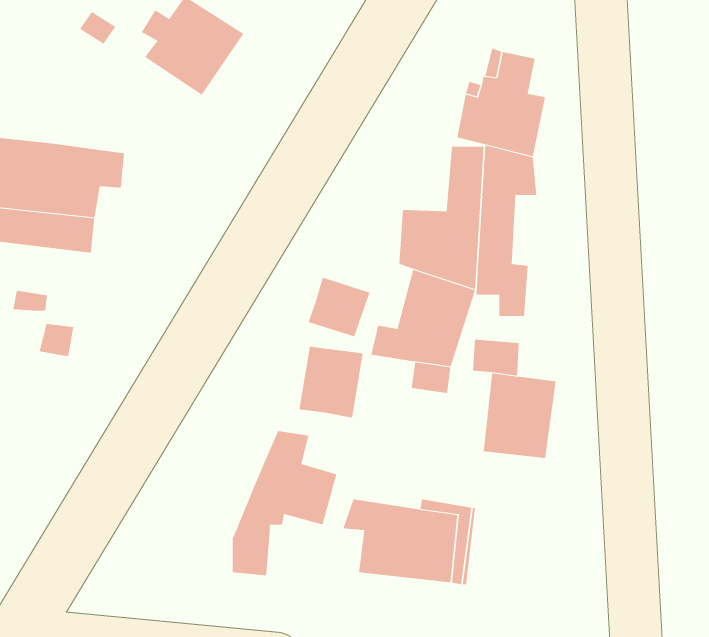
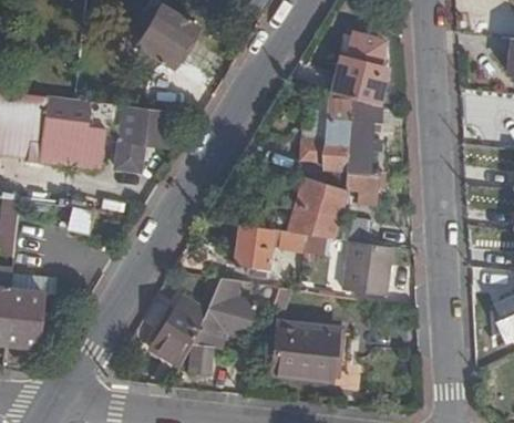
building: none -> [115,104,173,168]
building: [308,277,370,337] -> none
building: none -> [150,298,205,371]

